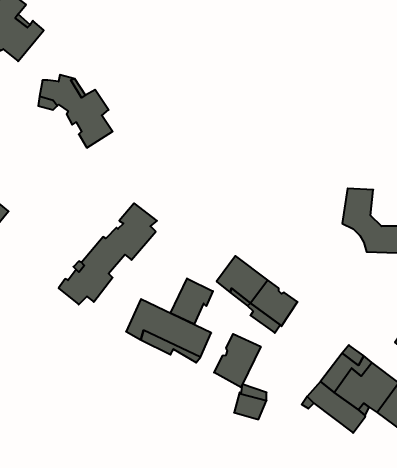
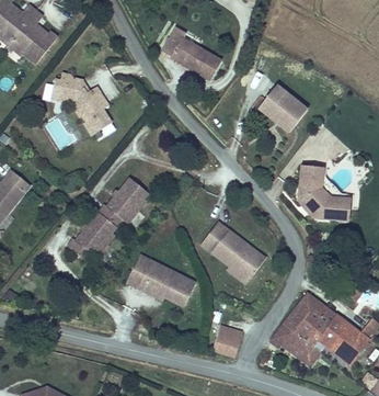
building: none -> [161,23,218,75]
building: none -> [256,81,309,132]
building: [170,278,213,324] -> none
building: [214,334,261,387] -> none

